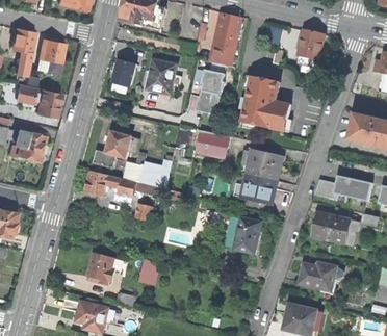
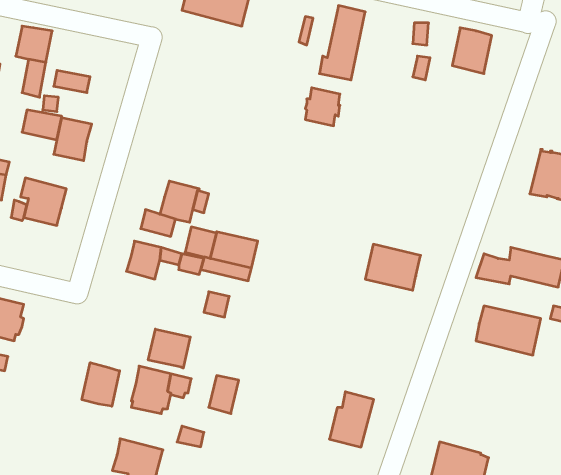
building: [38,40,64,62] -> none
building: [111,59,136,87] -> none
building: [147,59,177,94] -> none
building: [241,77,291,131] -> none
building: [198,91,221,114] -> none
building: [197,130,230,158] -> none
building: [247,151,282,180] -> none
building: [233,217,262,254] -> [329,392,374,447]
building: none -> [148,329,190,368]
building: none -> [82,363,120,406]
building: [300,262,337,290] -> none

